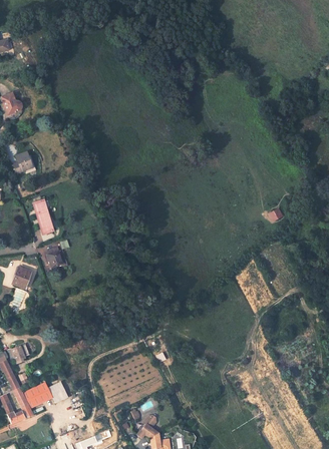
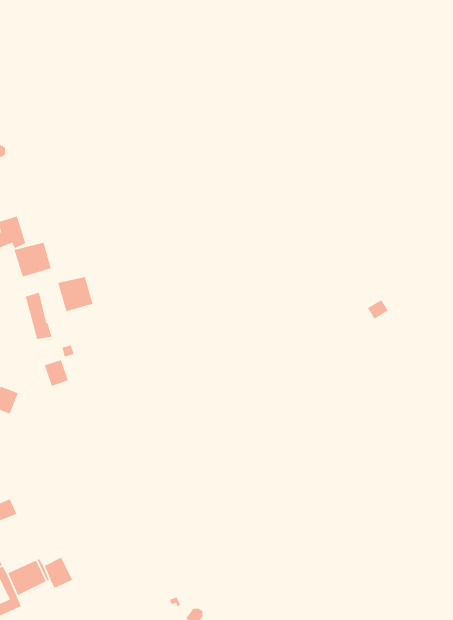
building: none -> [13,242,52,278]
building: none -> [57,276,93,312]

